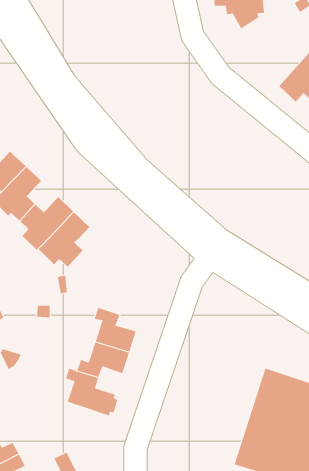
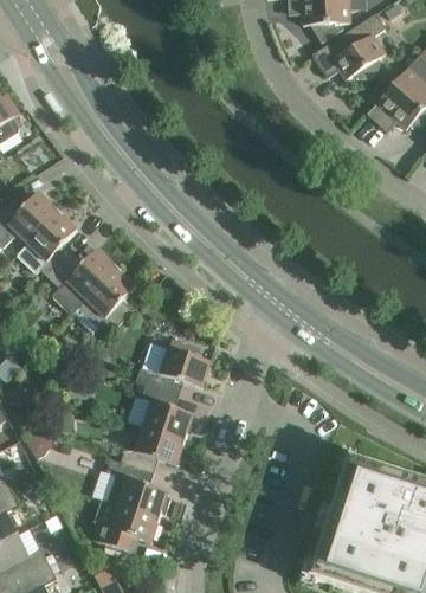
building: none -> [312,13,386,79]
building: none -> [136,339,211,393]
building: none -> [93,503,160,548]

